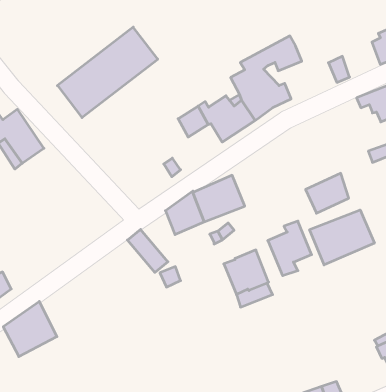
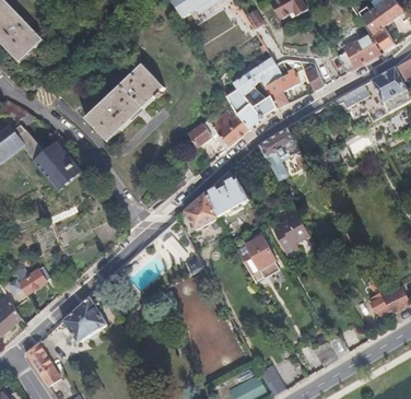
building: none -> [265,68,300,108]
building: [306,173,349,213] -> [260,129,296,164]
building: [310,210,374,265] -> none

